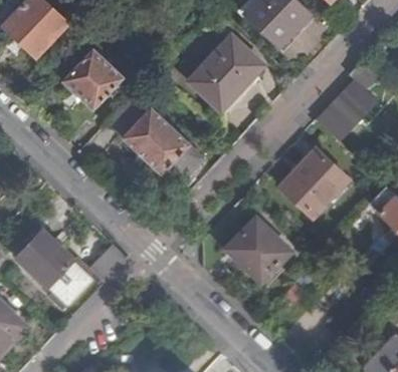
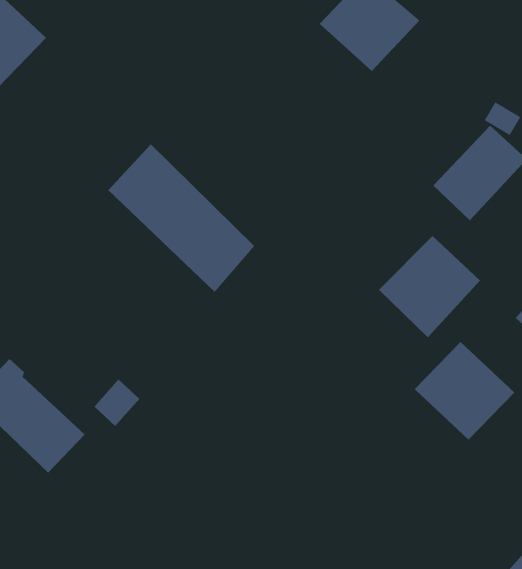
building: [189,35,263,110] -> none
building: [61,49,125,110] -> none
building: [226,220,291,284] -> [414,341,515,441]

